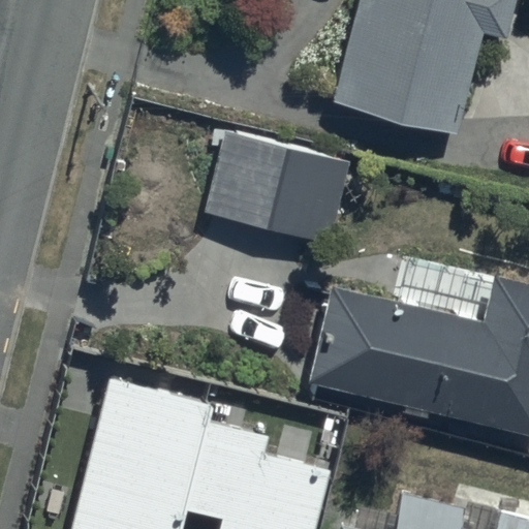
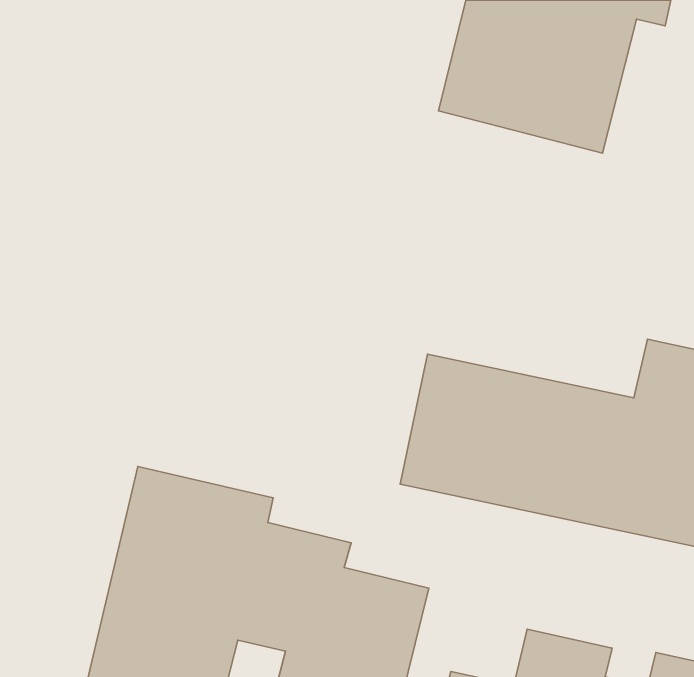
building: [205,130,353,245] -> none

